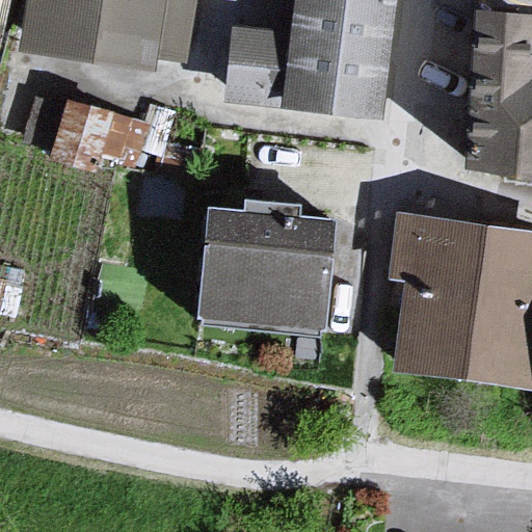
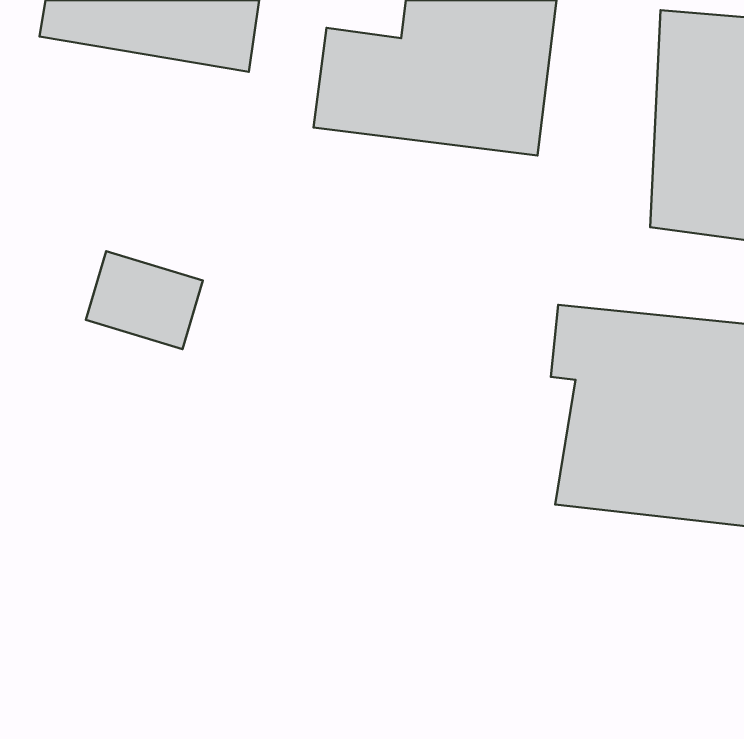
building: [54,95,137,164] -> [86,251,203,349]
building: [196,208,324,327] -> none

